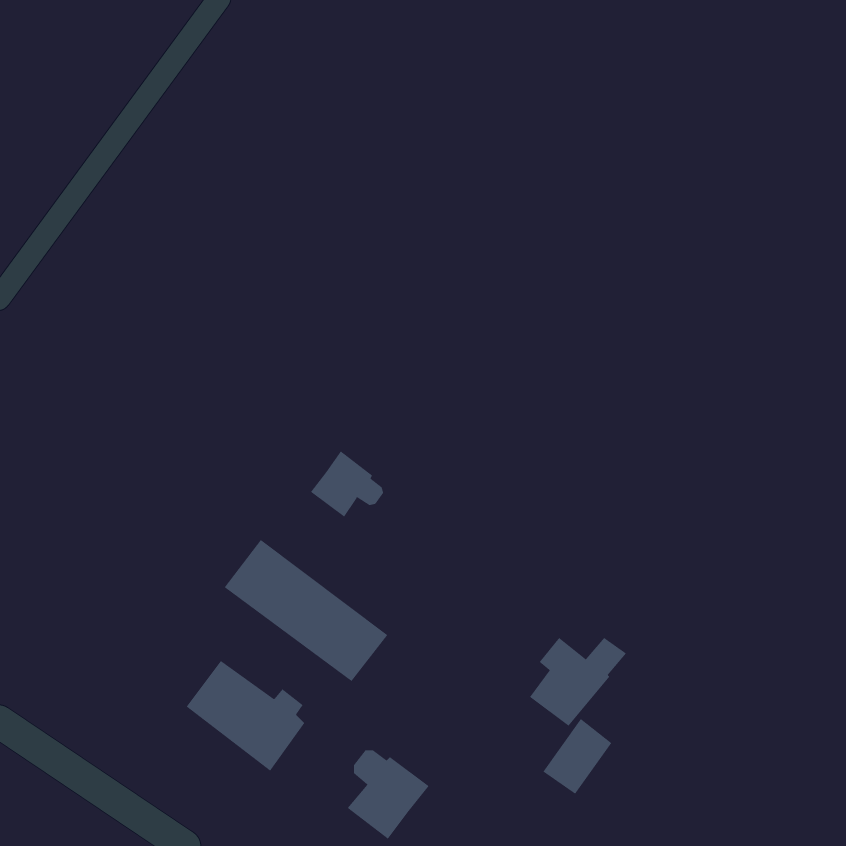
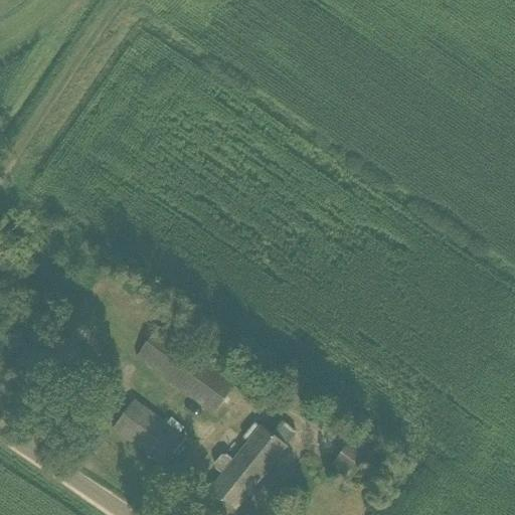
building: [310,450,384,518] -> none
building: [529,637,627,727] -> [236,422,296,477]

